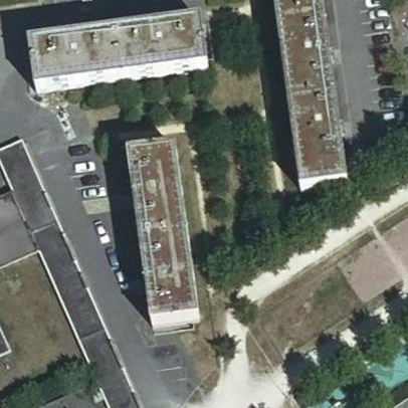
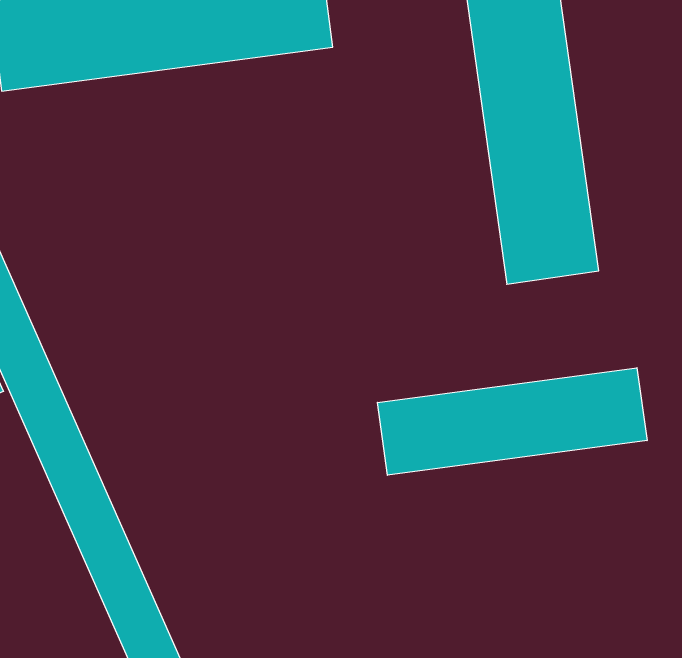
building: [128,145,198,325] -> none
building: none -> [377,368,647,475]

